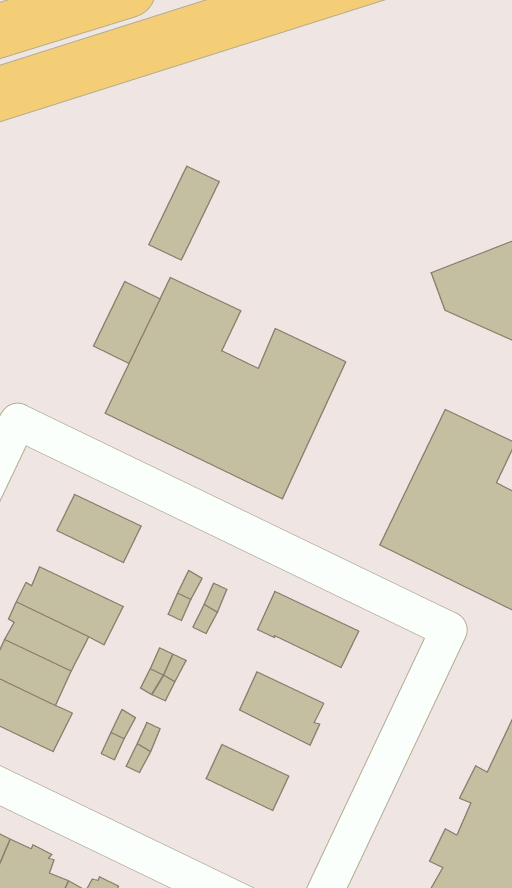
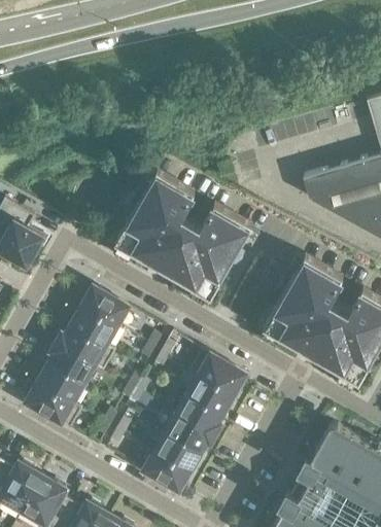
building: [149,166,219,260] -> none
building: [94,281,160,364] -> none
building: none -> [71,307,118,347]
building: none -> [188,375,236,415]
building: none -> [166,415,215,454]
building: none -> [143,452,192,493]

